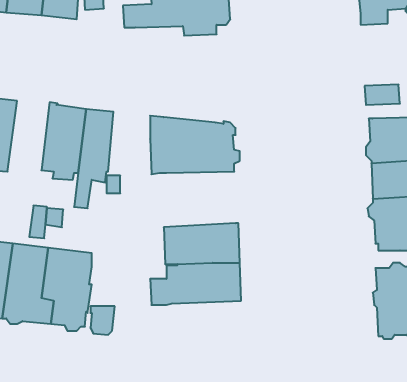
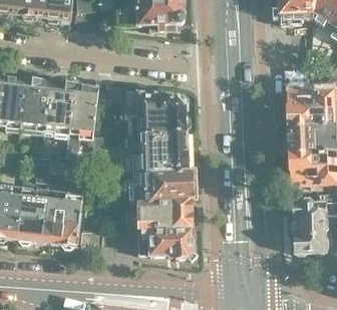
building: none -> [20,79,51,133]
building: none -> [129,131,193,173]
building: none -> [137,227,197,261]

